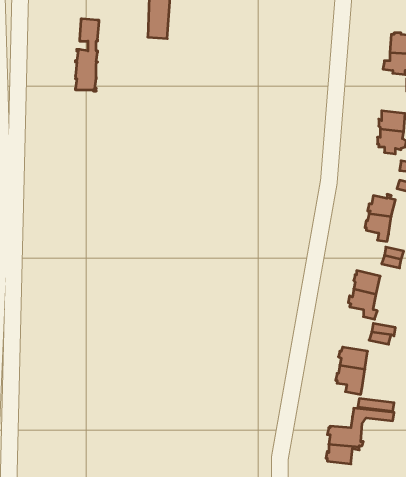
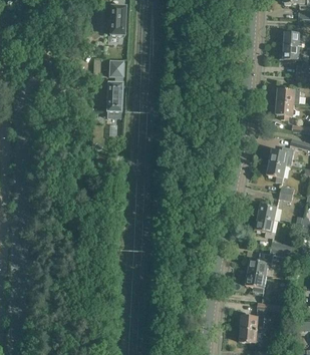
building: [75,19,99,91] -> [105,60,122,112]

